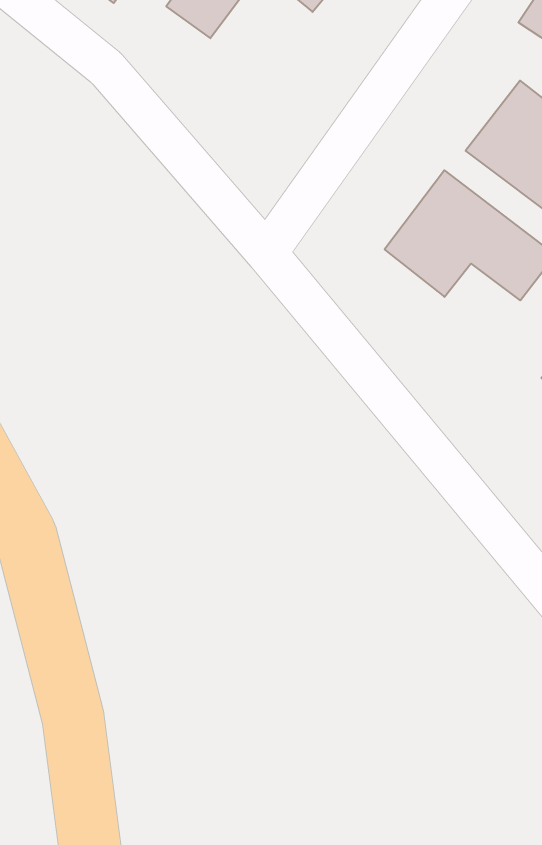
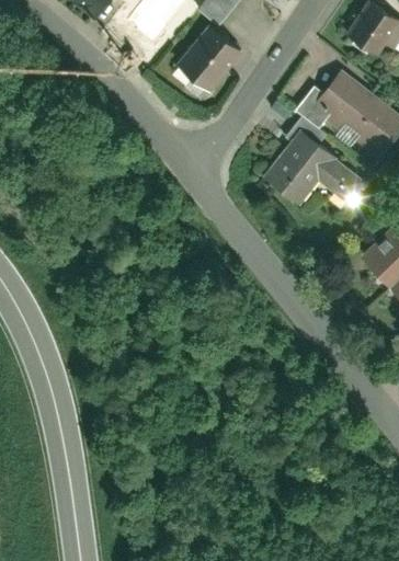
building: none -> [176,26,241,93]

